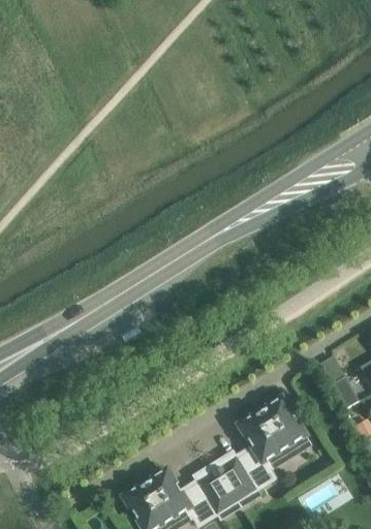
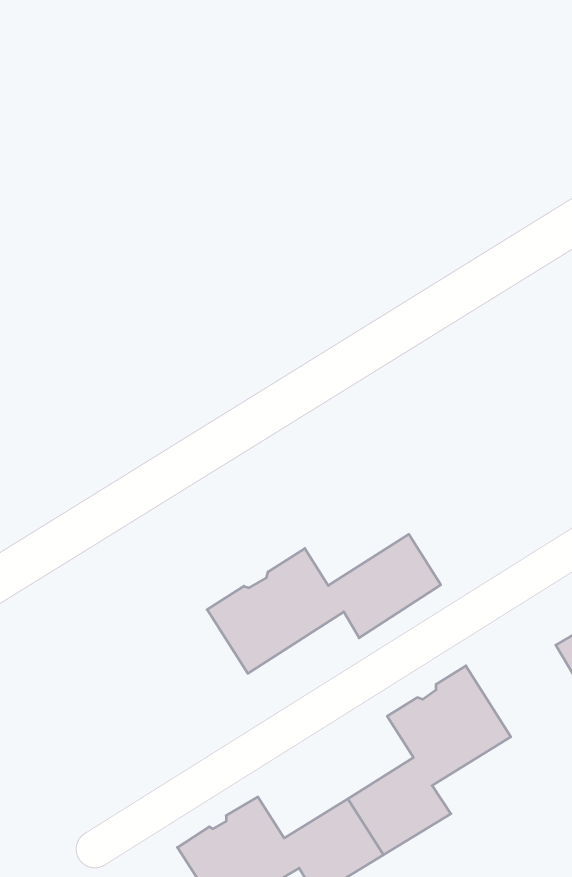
building: none -> [207,534,441,673]

